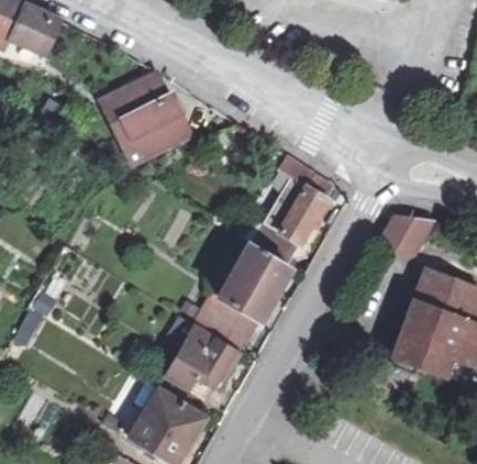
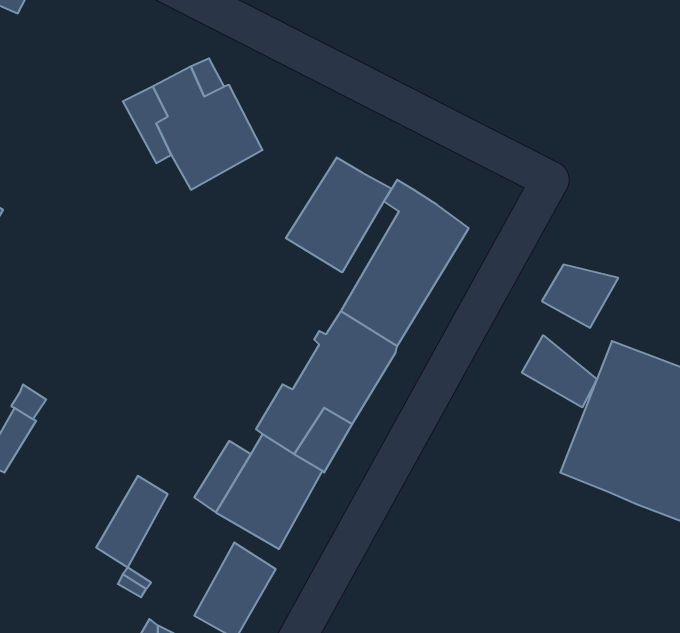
building: none -> [286,157,392,272]
building: none -> [522,335,597,407]
building: [130,387,177,448] -> [96,476,168,567]

